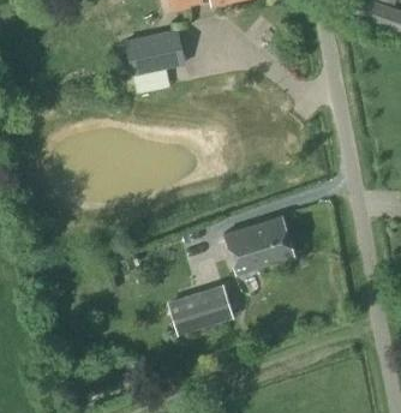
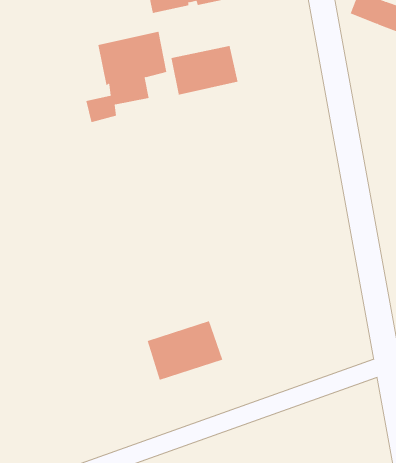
building: none -> [171,45,238,96]
building: [226,216,295,275] -> none

